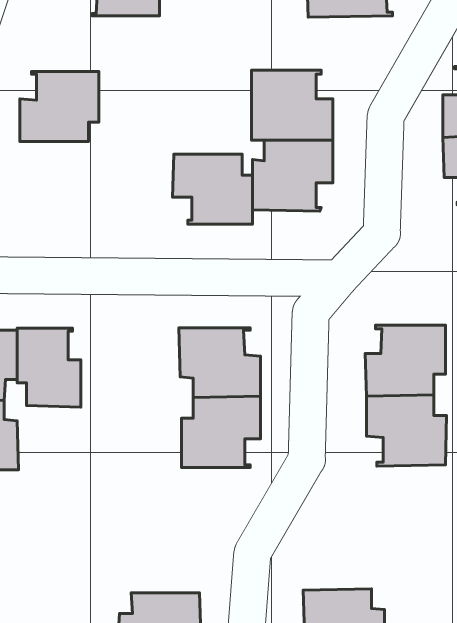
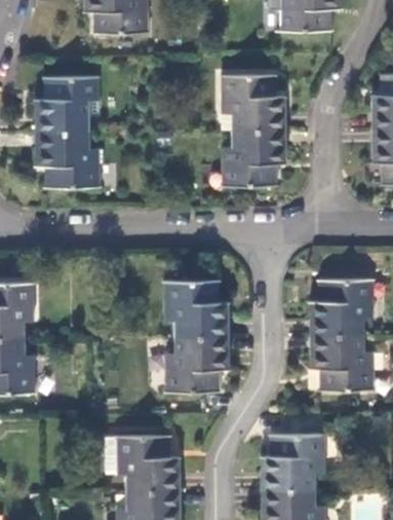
building: [172,154,253,224] -> [36,132,100,187]
building: [17,328,81,407] -> none
building: none -> [262,432,325,488]
building: none -> [115,434,180,490]

